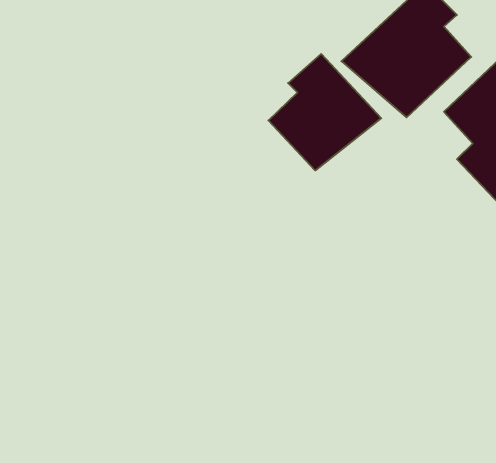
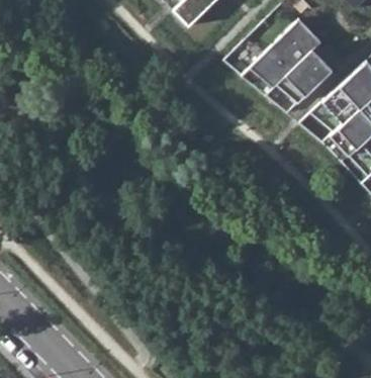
building: [268,54,381,170] -> none

